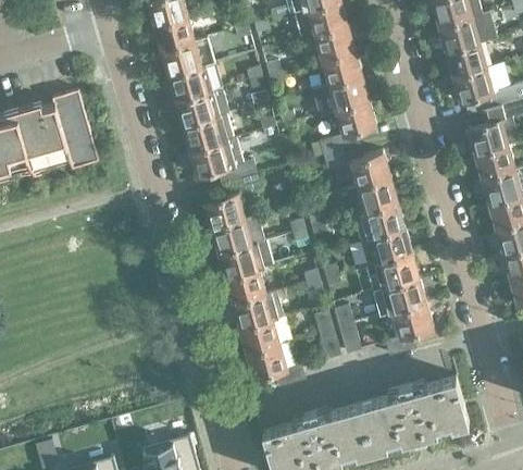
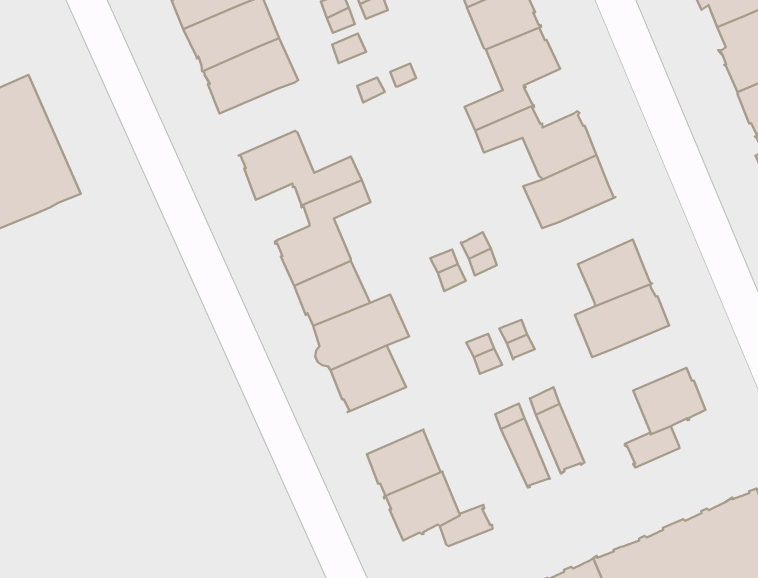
building: [182,113,233,150] -> none
building: [364,201,404,236] -> none
building: [373,277,425,314] -> none
building: [232,290,283,327] -> none

